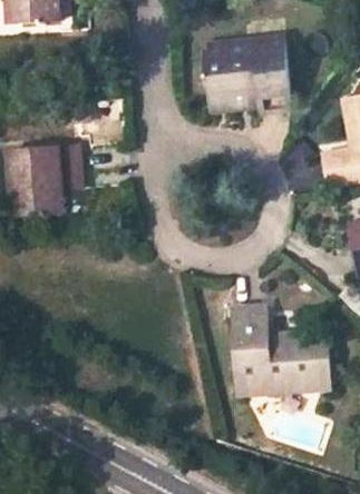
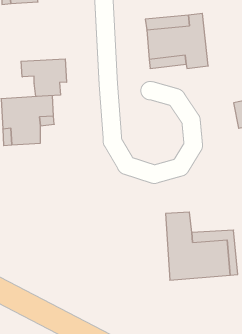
building: none -> [21,59,67,96]

